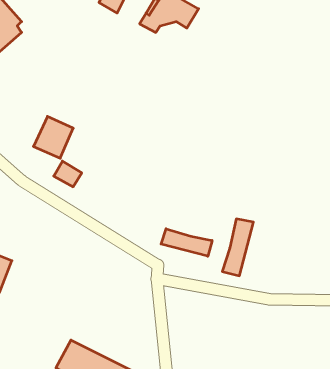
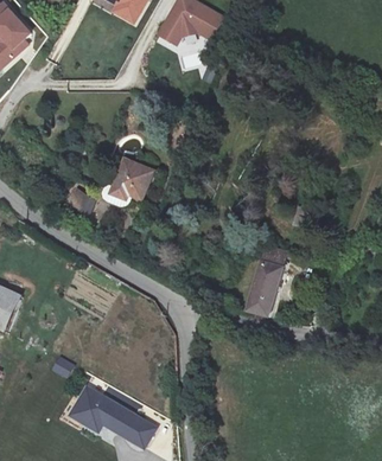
building: [33,116,73,158] -> [107,162,151,209]
building: [161,229,212,256] -> none

